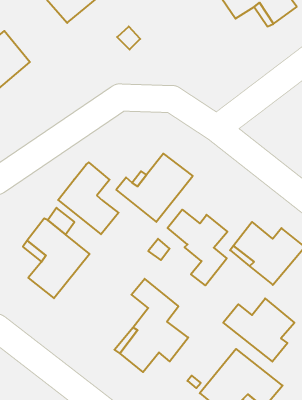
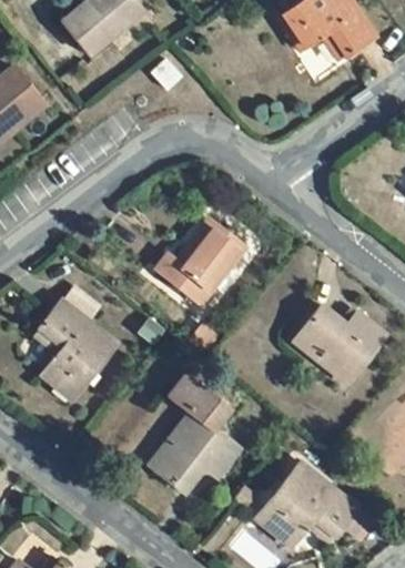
building: [58,162,119,234] -> none
building: [168,210,227,285] -> none
building: [223,298,294,362] -> none

